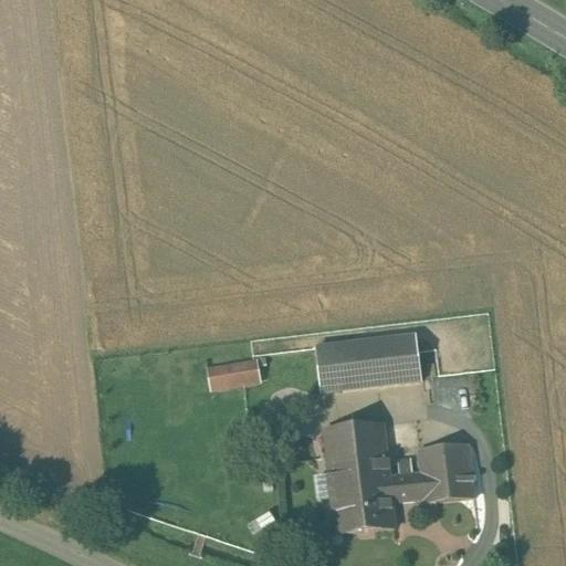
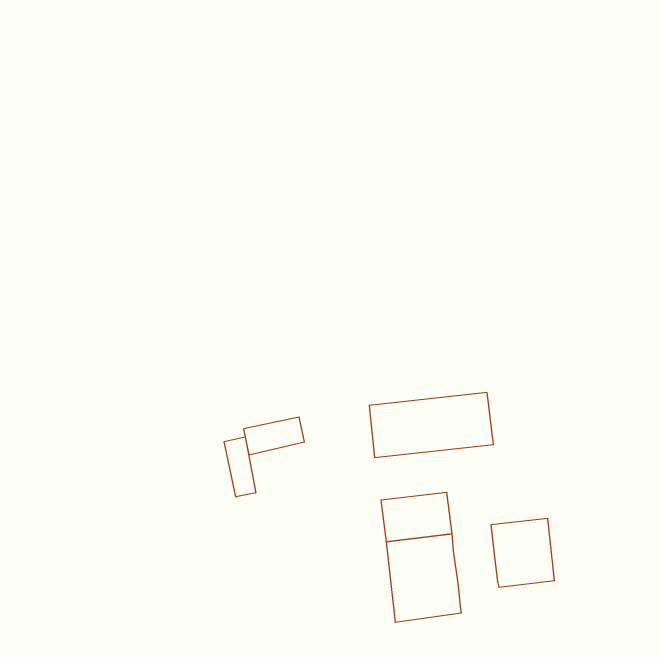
building: none -> [224,437,256,497]
building: [387,468,424,500] -> none

